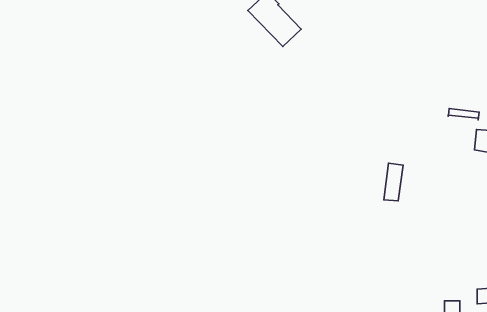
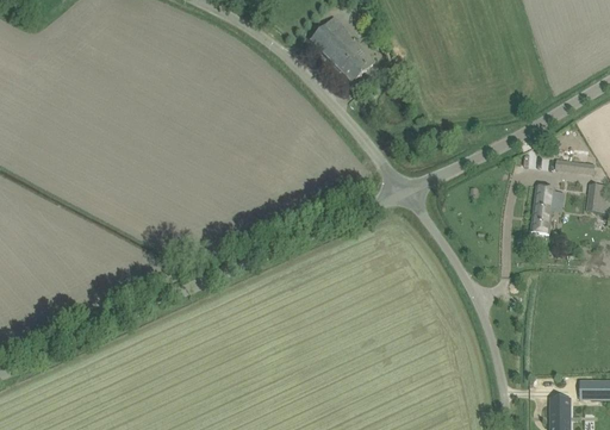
building: [384,163,403,201] -> [530,186,554,232]

